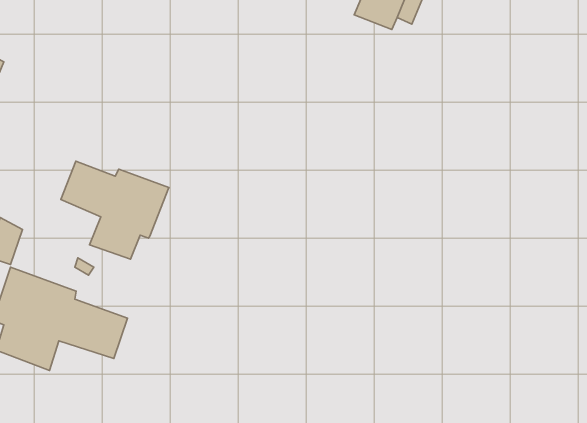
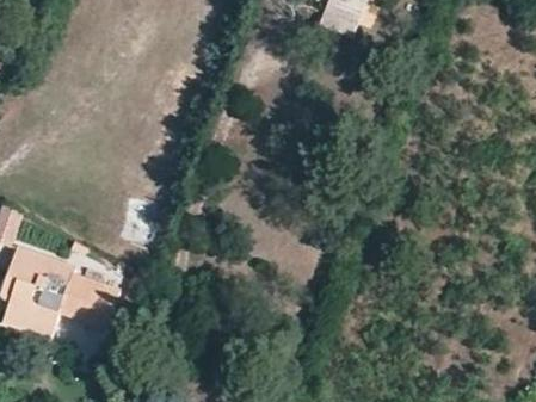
building: [61,161,169,259] -> none

